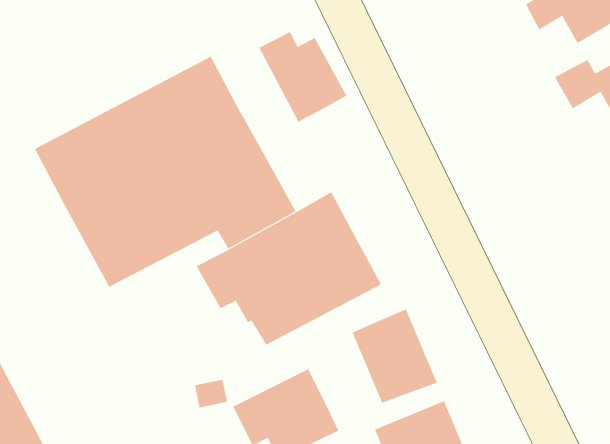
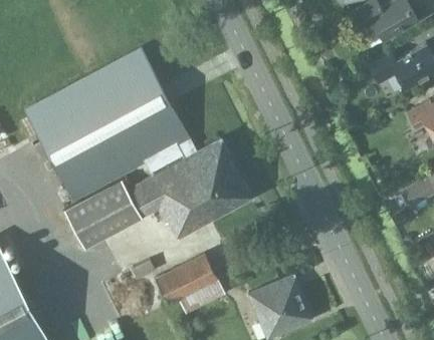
building: [259,31,347,123] -> none
building: none -> [64,179,147,248]
building: [352,308,438,403] -> none

